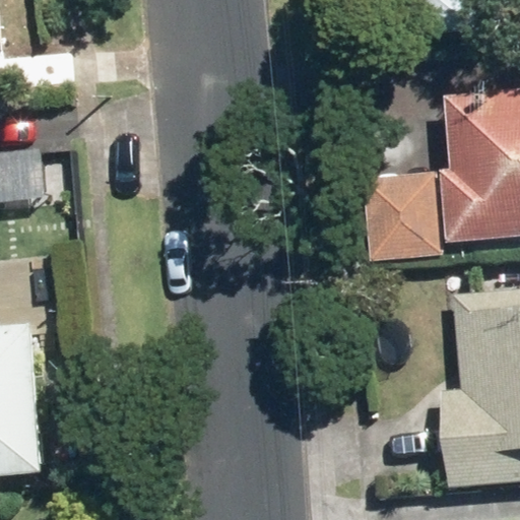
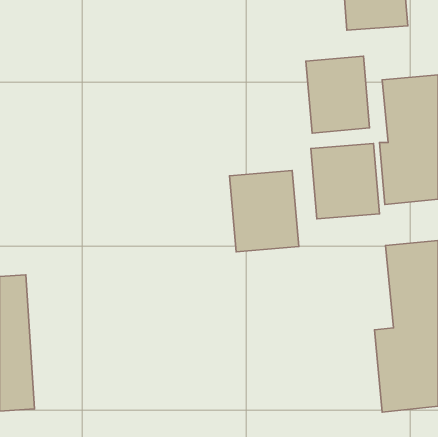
building: none -> [306,56,370,133]
building: none -> [229,171,299,252]

